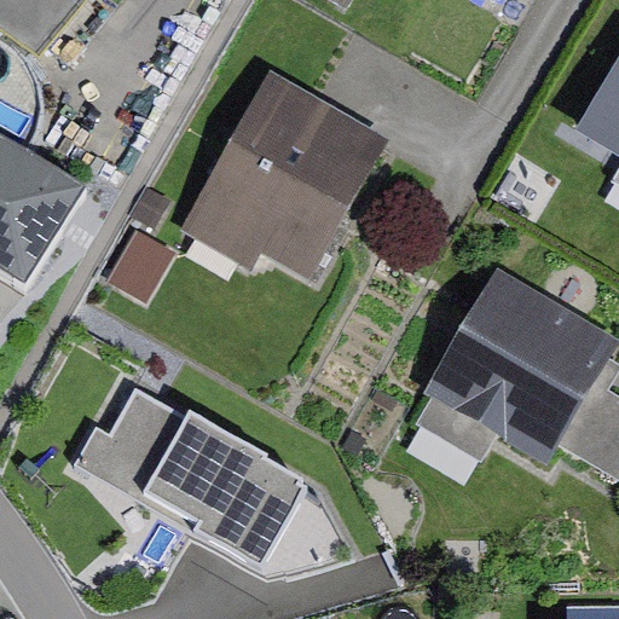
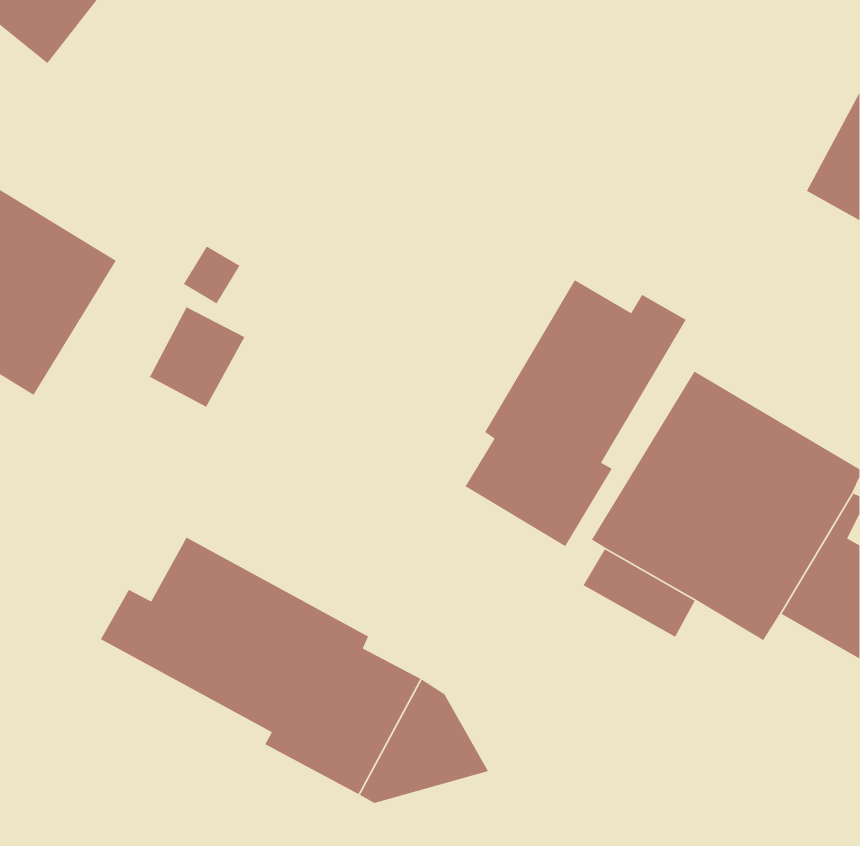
building: [195,86,397,287] -> none
building: none -> [465,279,687,547]

